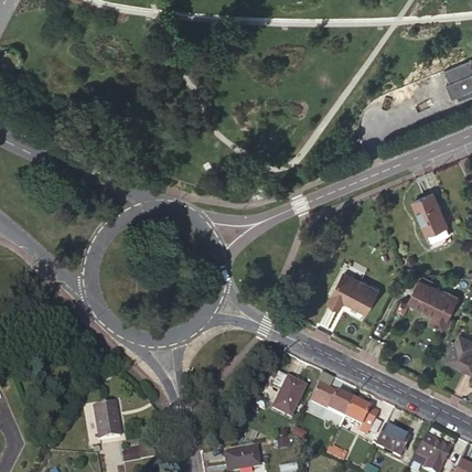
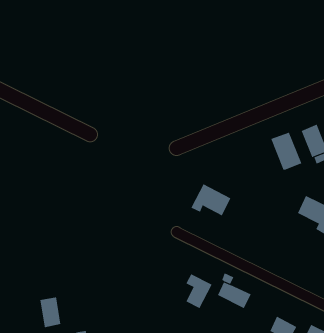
building: none -> [271,132,302,170]
building: [329,269,378,309] -> [191,184,231,216]
building: [344,397,377,432] -> none

